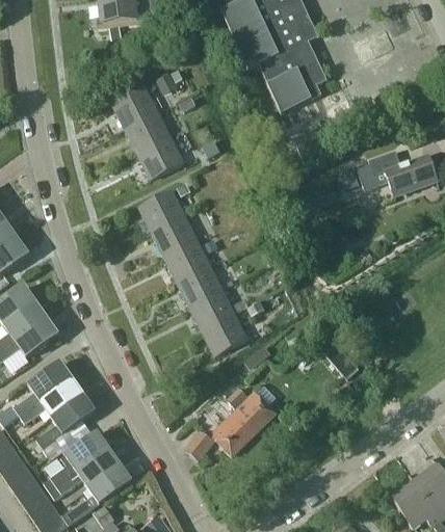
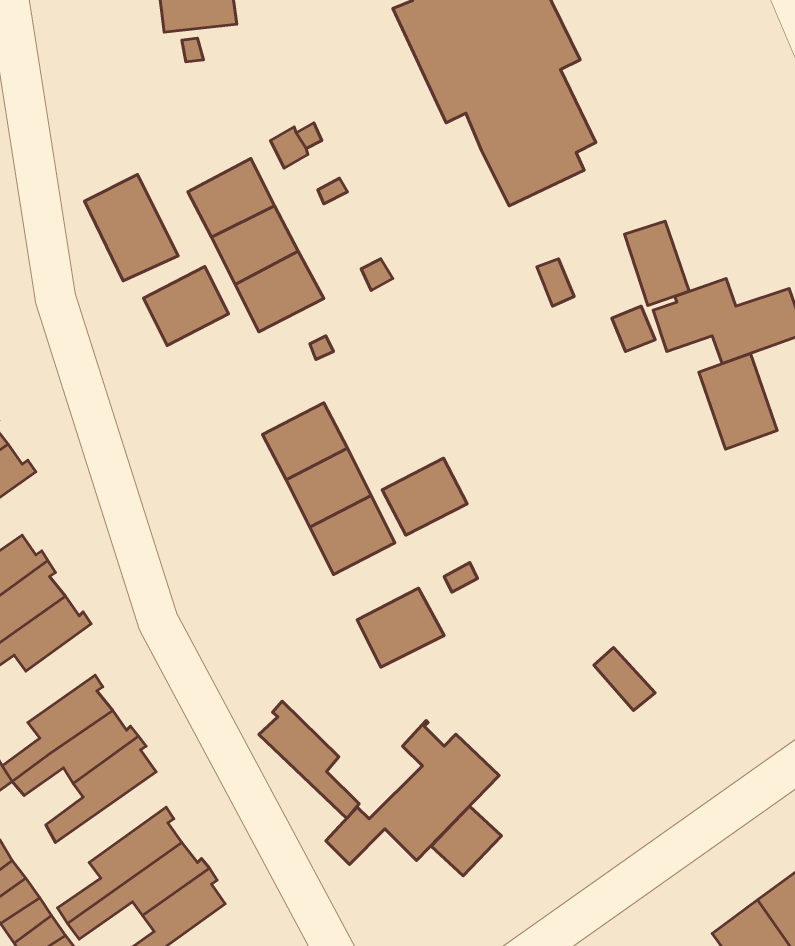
building: none -> [84,175,178,281]
building: none -> [625,221,689,305]
building: none -> [699,353,777,449]
building: [138,191,183,233] -> [144,267,228,345]
building: [188,290,233,330] -> [382,458,467,535]
building: none -> [259,701,359,818]
building: none -> [431,806,501,876]

